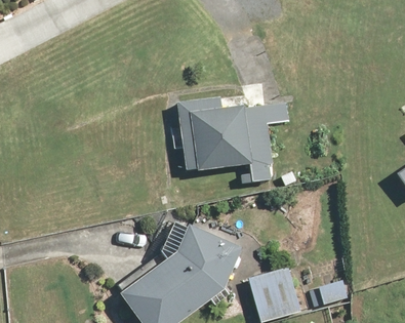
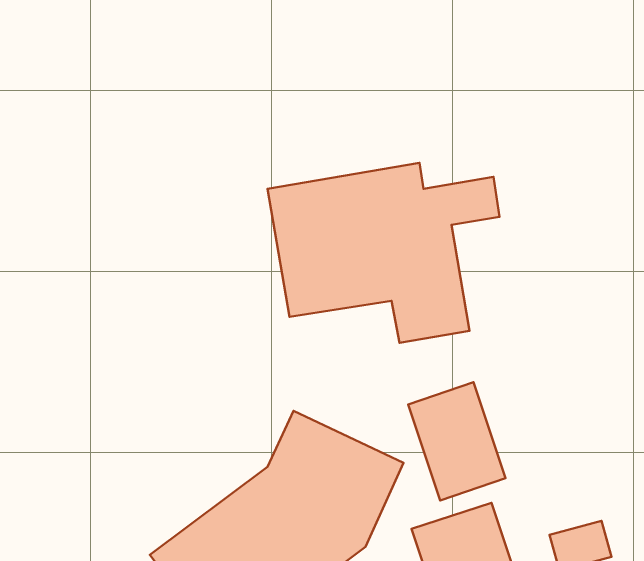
building: none -> [408,382,505,501]

